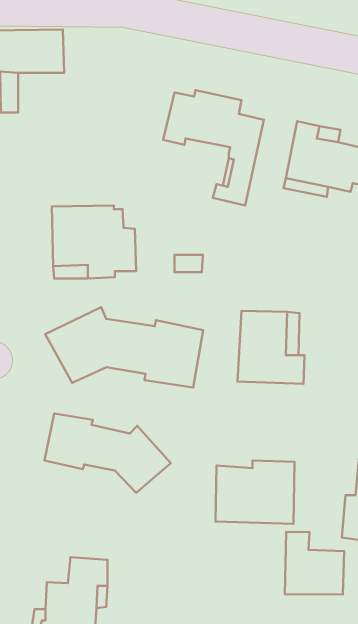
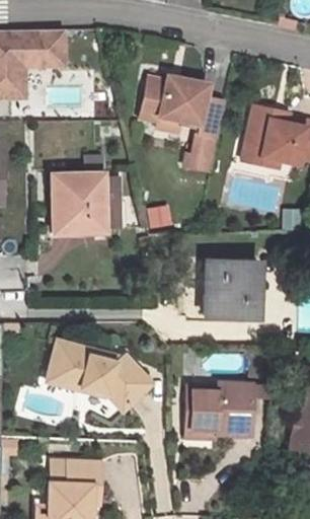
building: [45,307,203,387] -> none
building: [285,532,344,595] -> none

